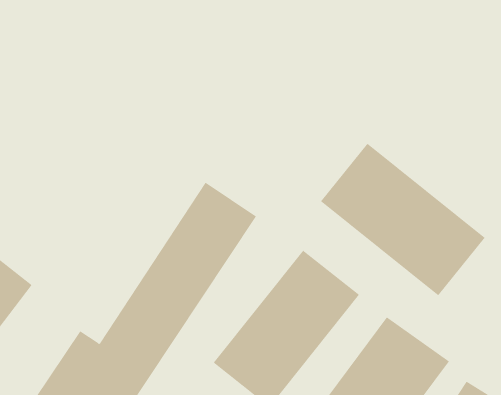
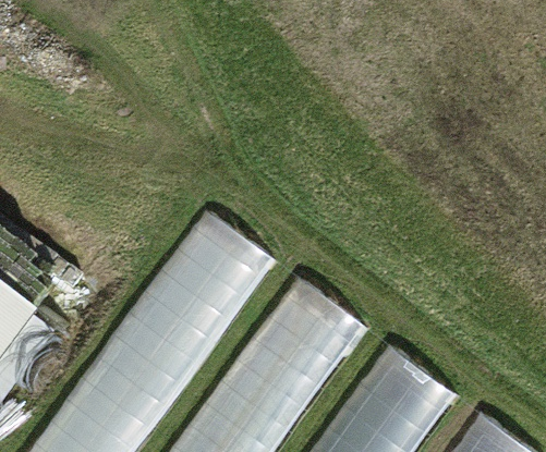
building: [320,143,485,296] -> none

